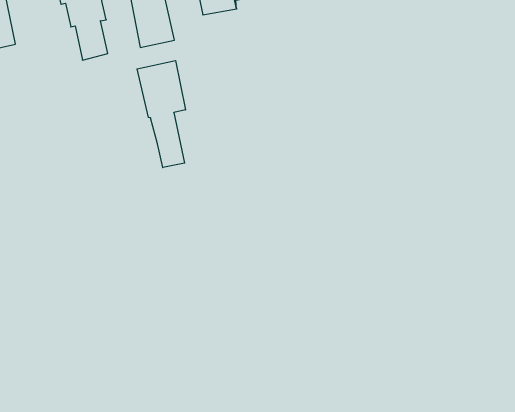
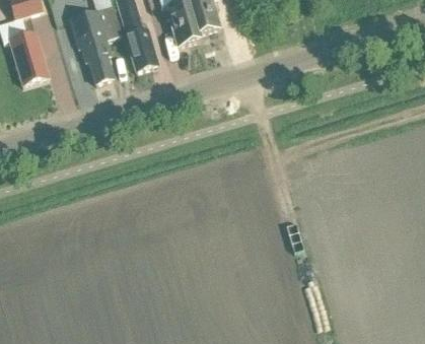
building: [137,61,185,168] -> none

